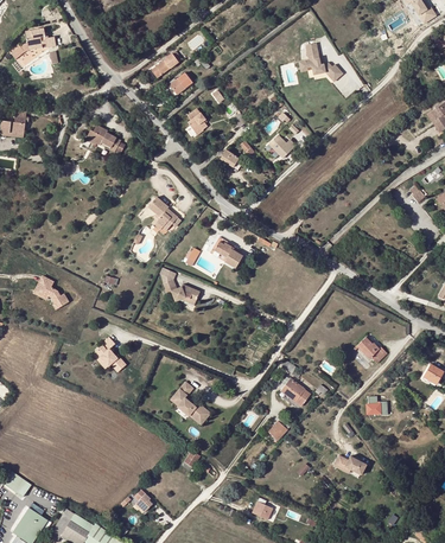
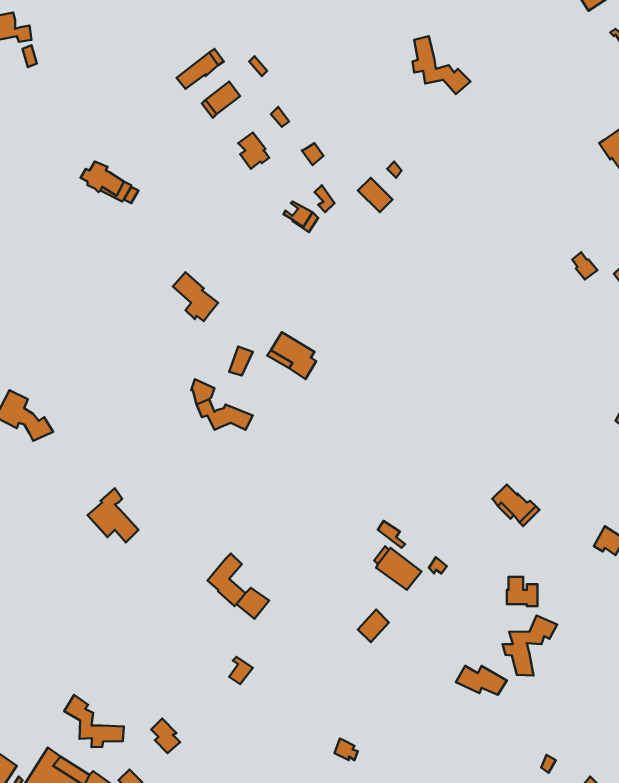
building: none -> [502,615,557,675]
building: none -> [64,695,124,747]

